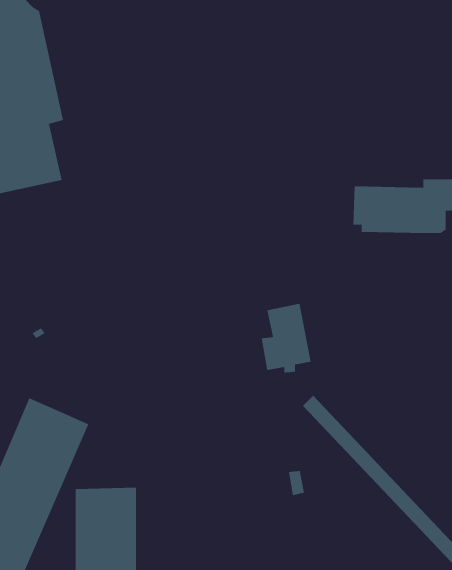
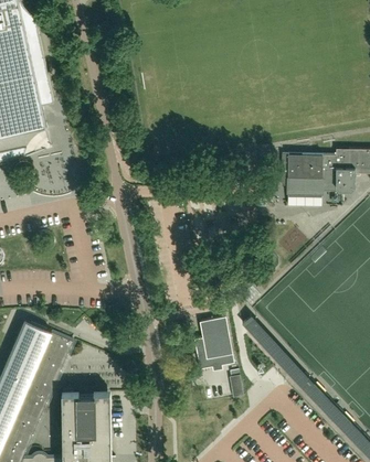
building: [261,303,311,373] -> [194,314,234,369]

